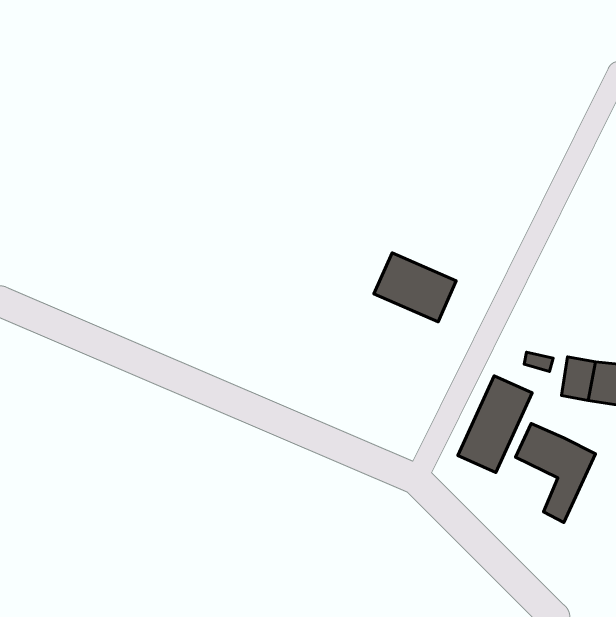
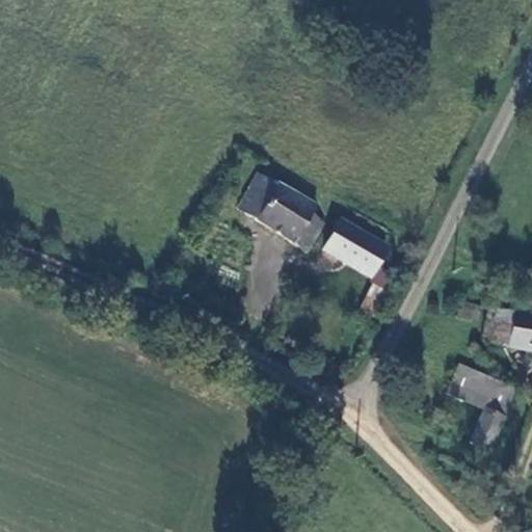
building: none -> [244,174,329,252]
building: [458,376,532,472] -> none

